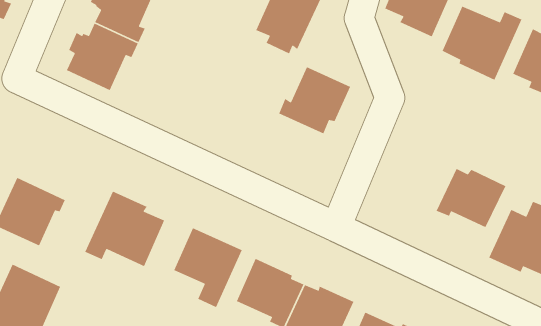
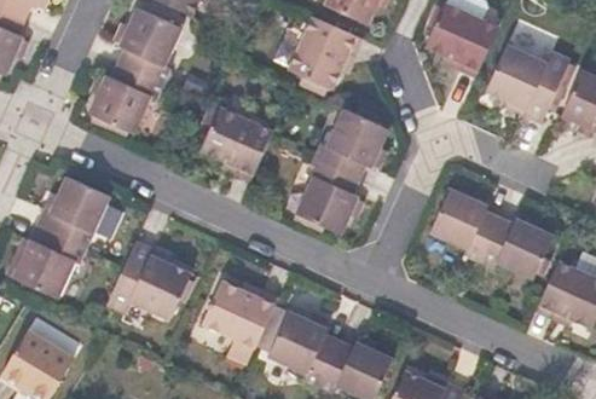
building: none -> [197,105,273,181]
building: none -> [295,158,360,235]
building: none -> [35,174,111,249]
building: none -> [429,186,500,261]

